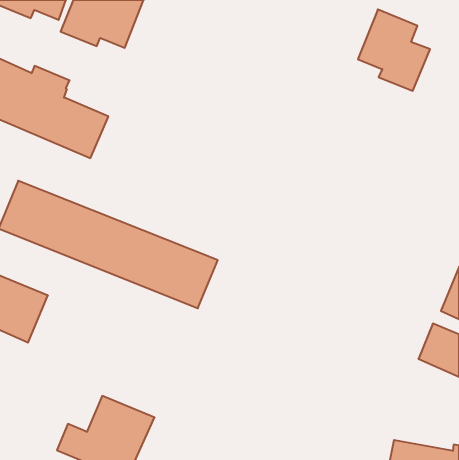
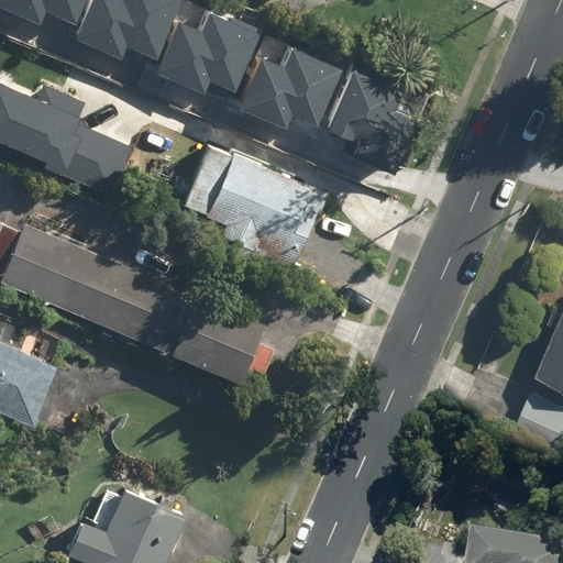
building: [358,9,430,91] -> [327,74,415,173]
building: none -> [154,16,256,98]
building: none -> [239,55,341,136]
building: none -> [178,139,329,260]

